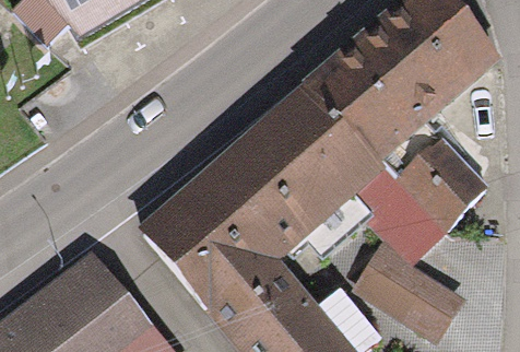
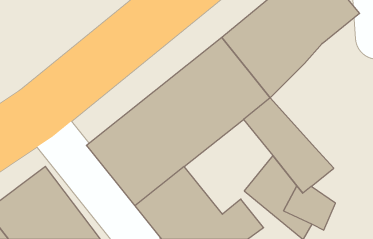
building: [383,121,489,232] -> none

